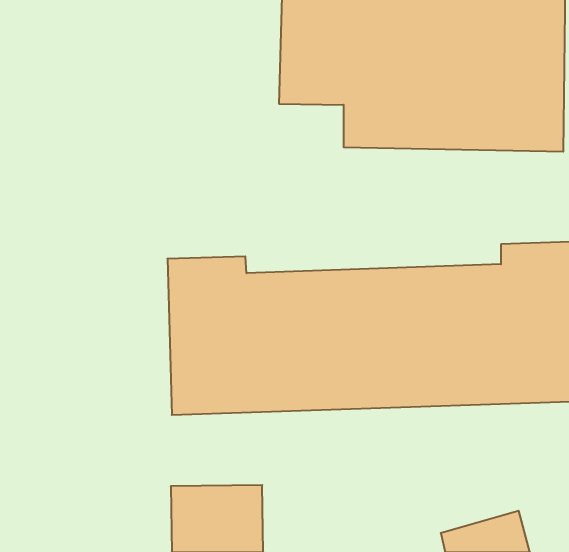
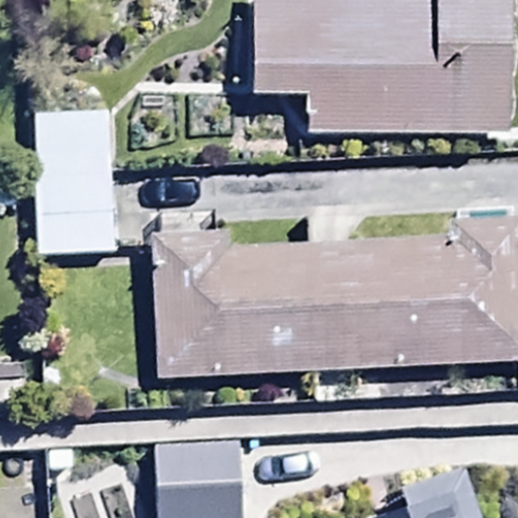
building: none -> [34,108,113,251]

